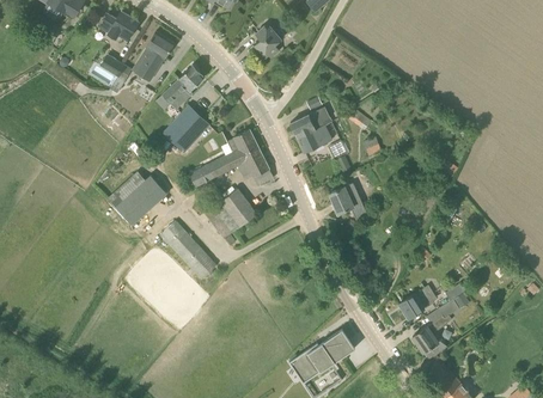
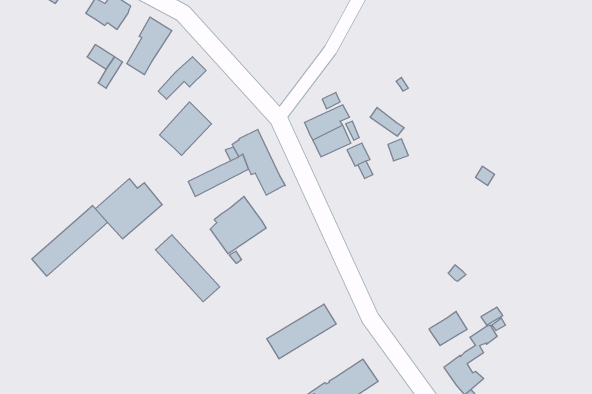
building: [254,25,281,59] -> none
building: [329,183,367,220] -> none
building: none -> [32,205,107,276]
building: none -> [267,304,336,359]

